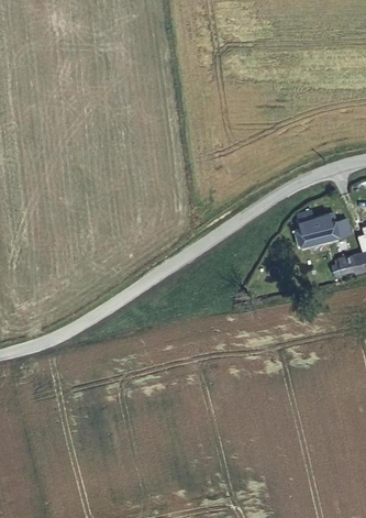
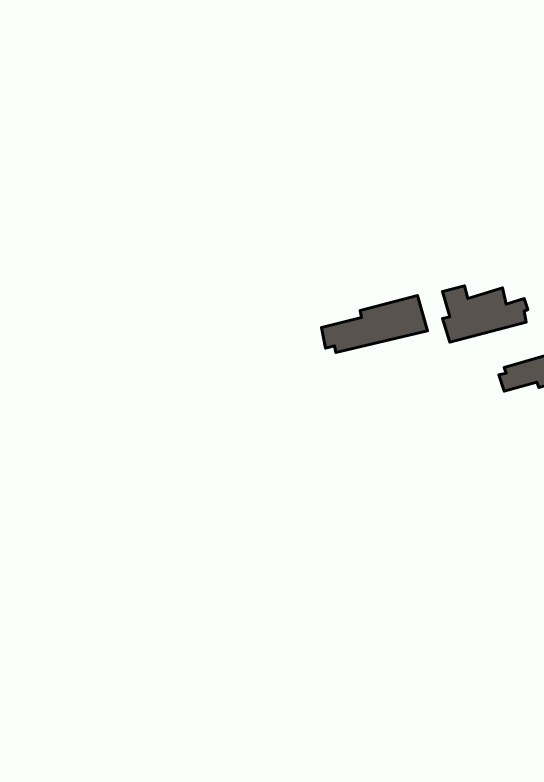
building: none -> [321,296,427,353]

